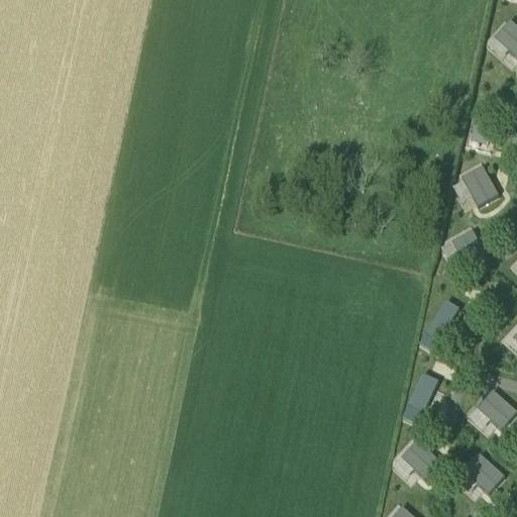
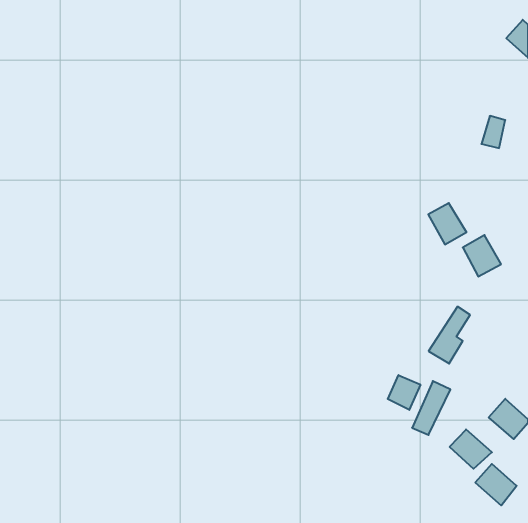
building: [461,166,499,206] -> [428,203,467,244]
building: none -> [388,375,420,410]
building: [401,439,442,478] -> [450,429,492,469]

